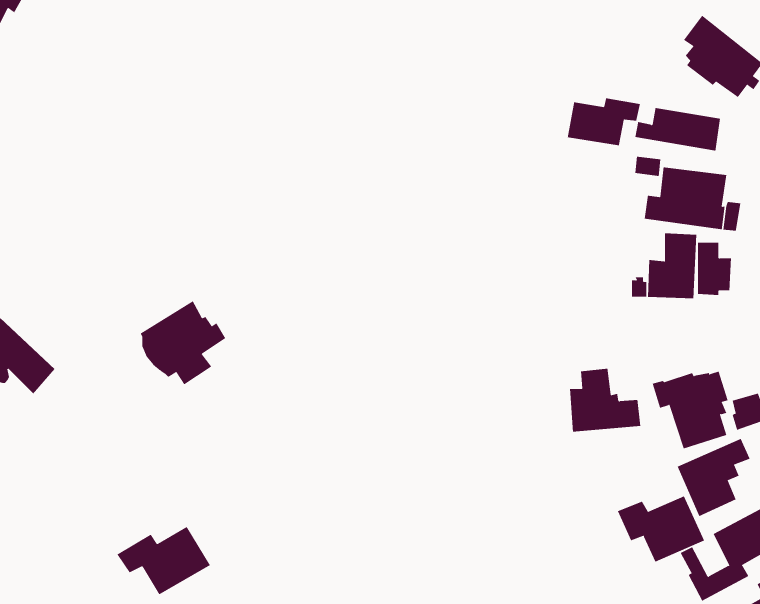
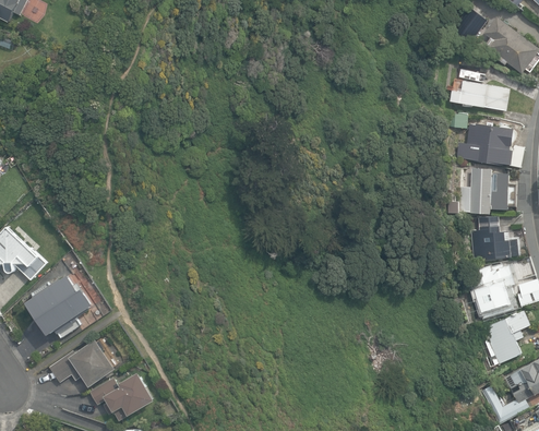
building: [567,98,641,146] -> none
building: [140,301,226,385] -> [31,278,91,337]
building: [569,368,641,432] -> [470,216,520,261]
building: none -> [49,339,117,386]
building: [617,496,705,562] -> none

